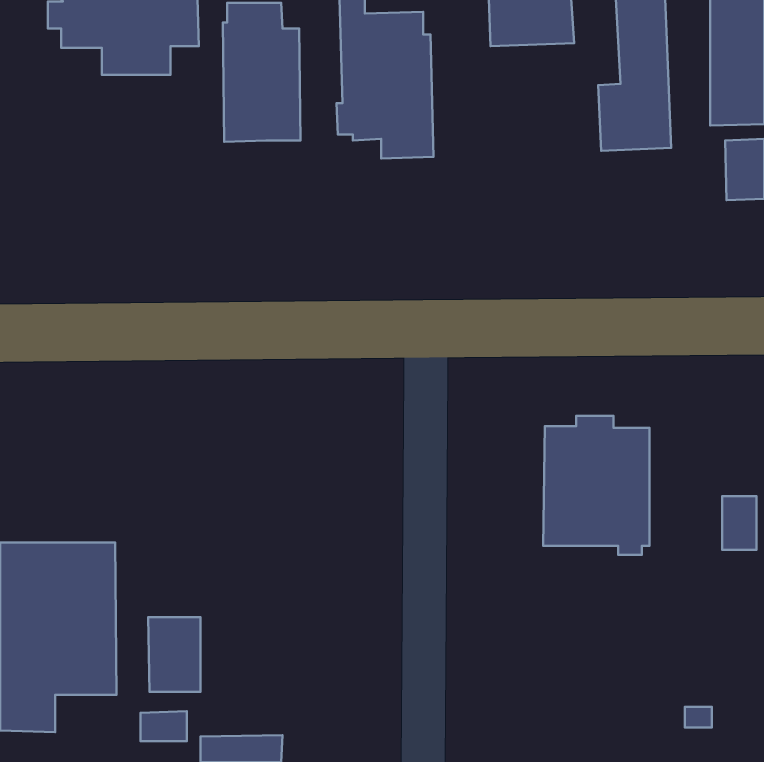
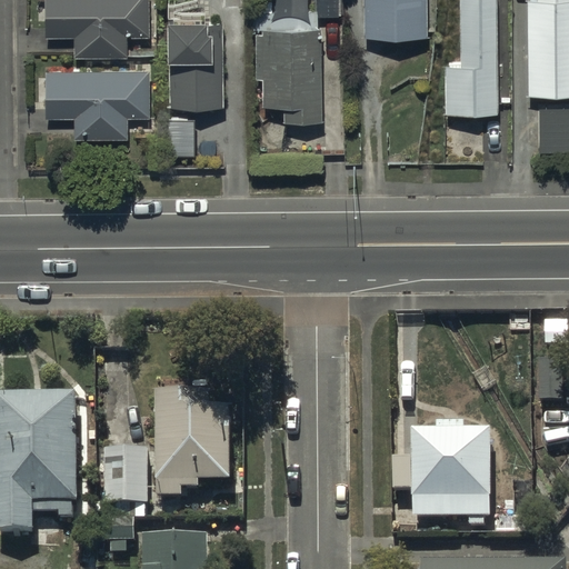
building: none -> [36,69,149,138]
building: [543,416,649,555] -> [409,431,488,535]
building: none -> [162,403,231,508]

